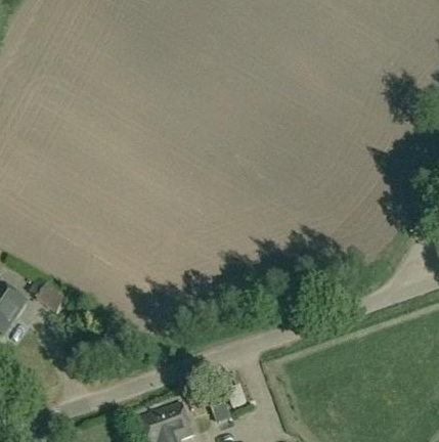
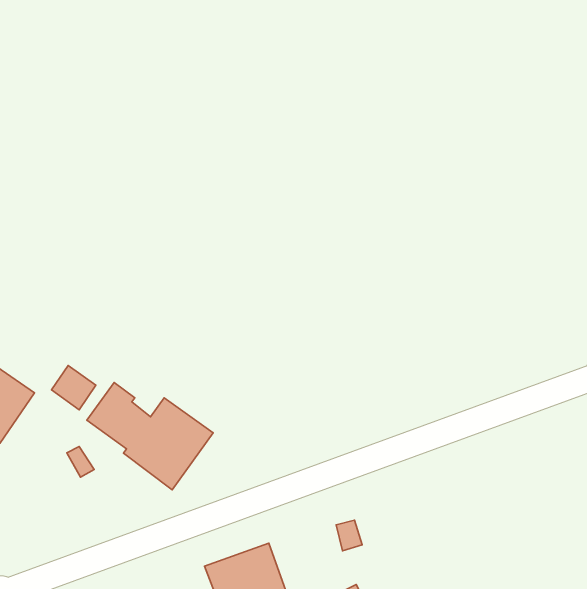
building: none -> [87,382,213,490]

